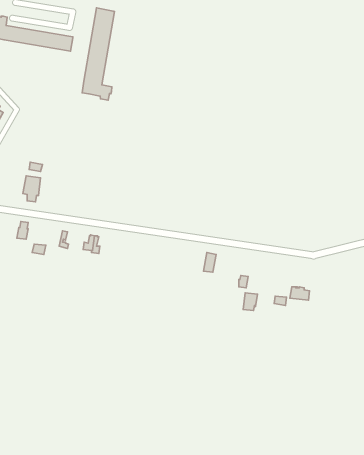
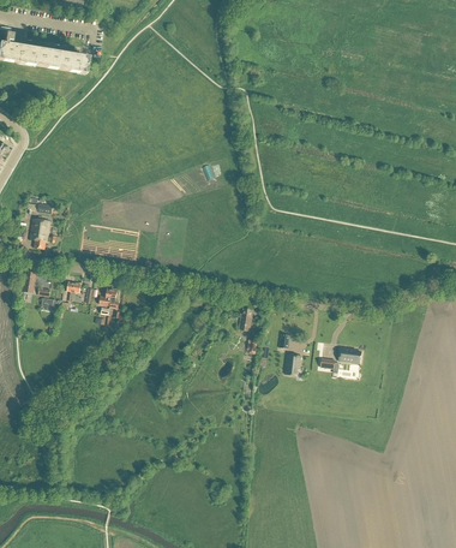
building: [82,8,114,100] -> none

